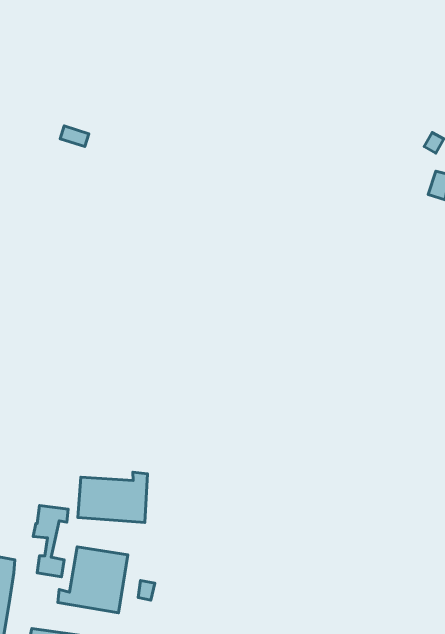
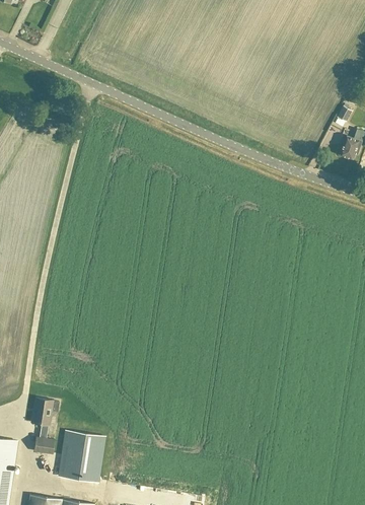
building: [78,472,148,523] -> none

